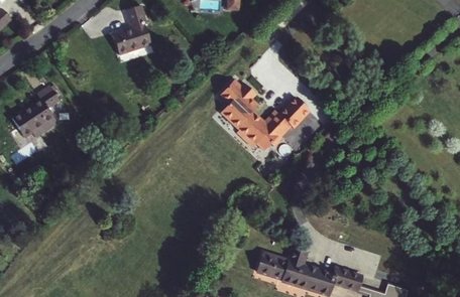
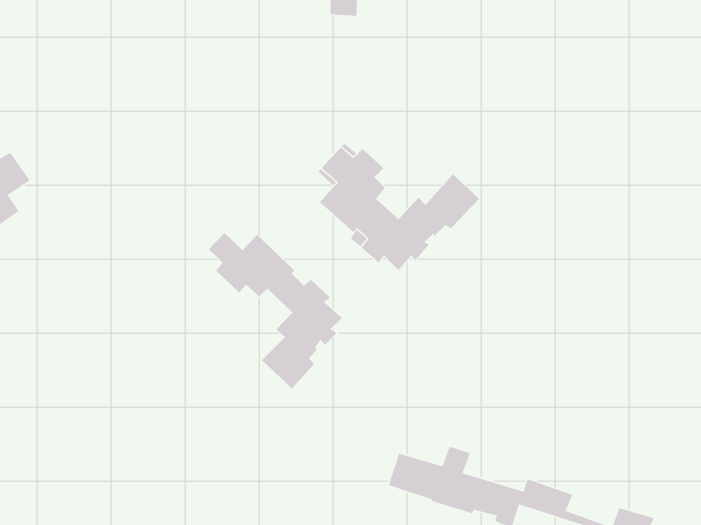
building: [112,6,150,55] -> none
building: none -> [208,232,343,389]

